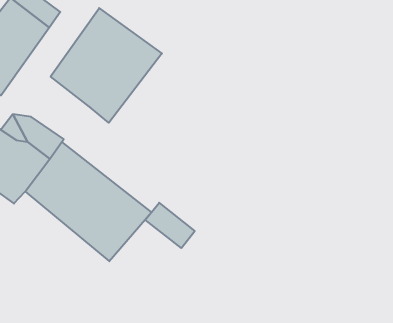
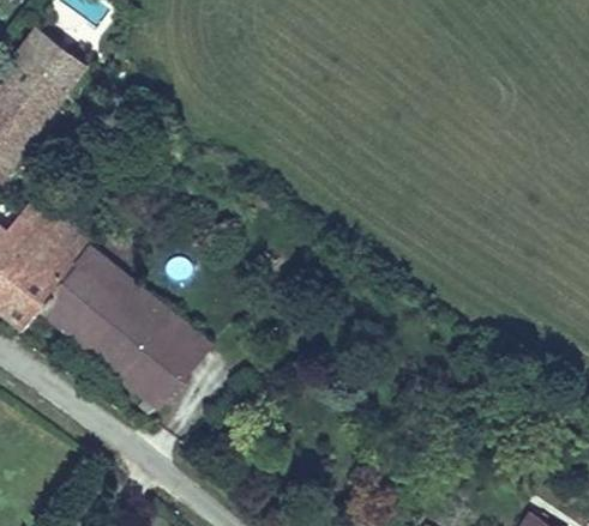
building: [51,8,162,123] -> none
building: [145,203,195,248] -> none

